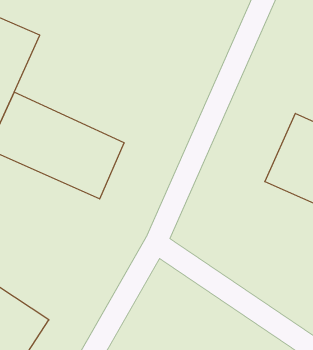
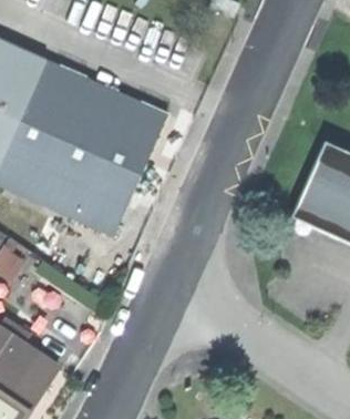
building: none -> [19,57,166,174]

